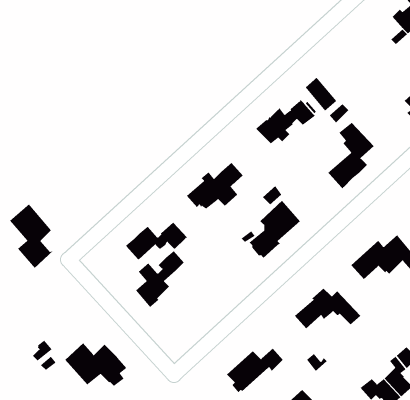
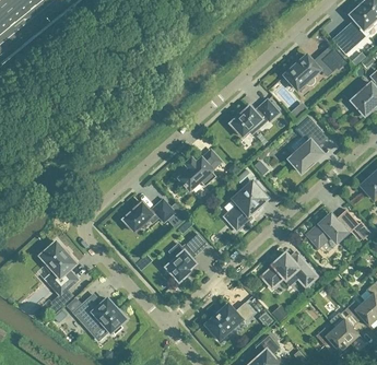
building: none -> [284,46,344,89]
building: [9,203,55,269] -> [39,240,76,294]
building: [135,250,185,308] -> [166,233,207,280]

